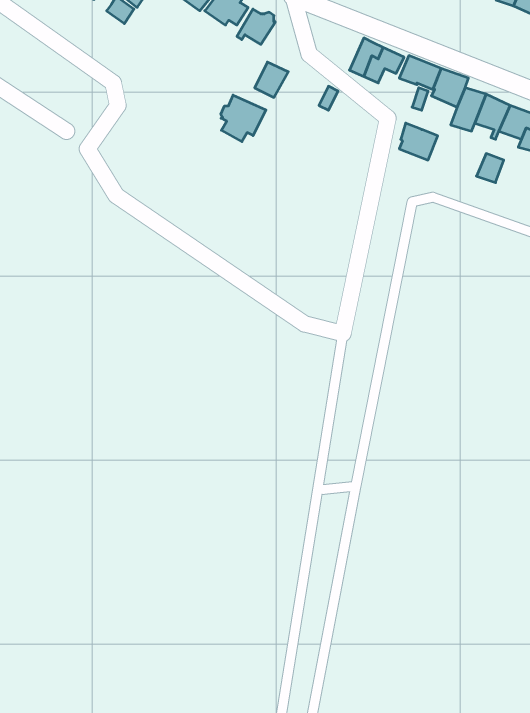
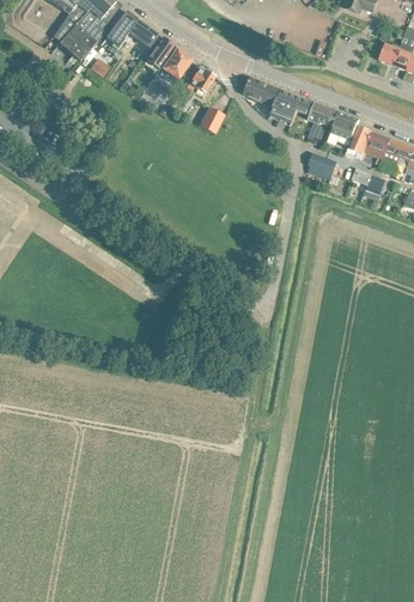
building: none -> [242,75,278,105]
building: [221,95,266,142] -> none

